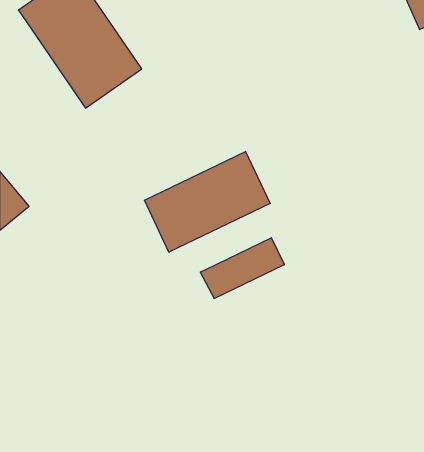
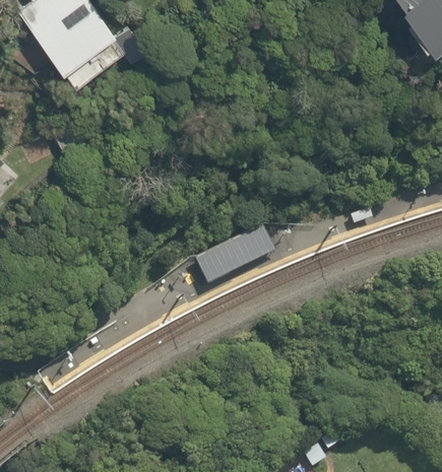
building: [145,151,270,252] -> none

